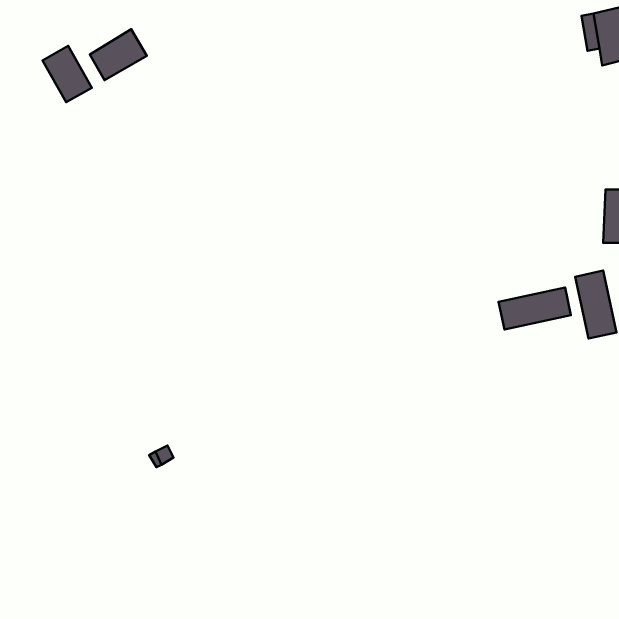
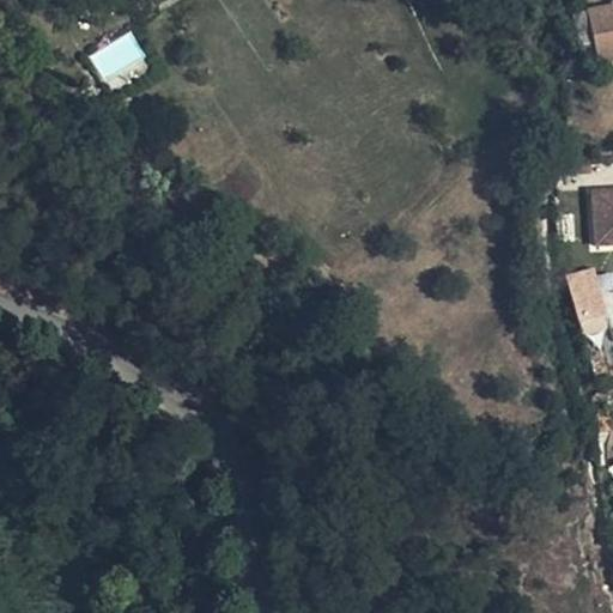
building: [42,46,92,102] -> none
building: [499,288,571,330] -> none

